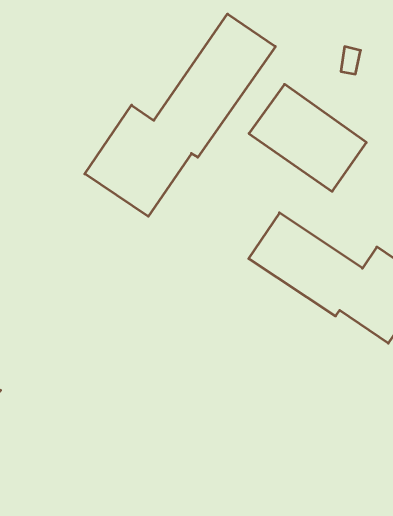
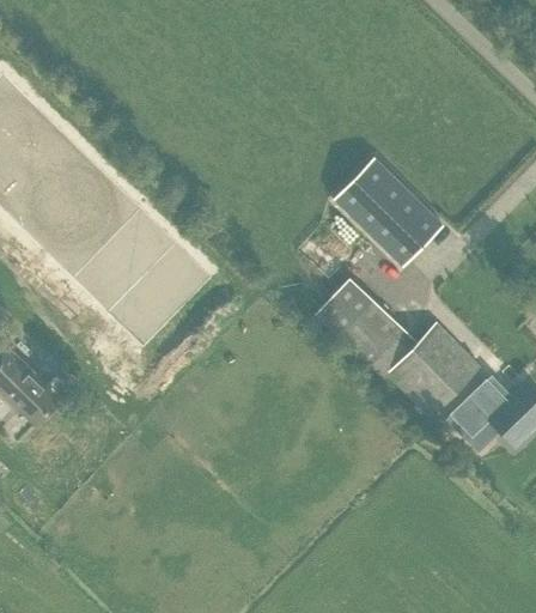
building: [85,14,275,216] -> none

